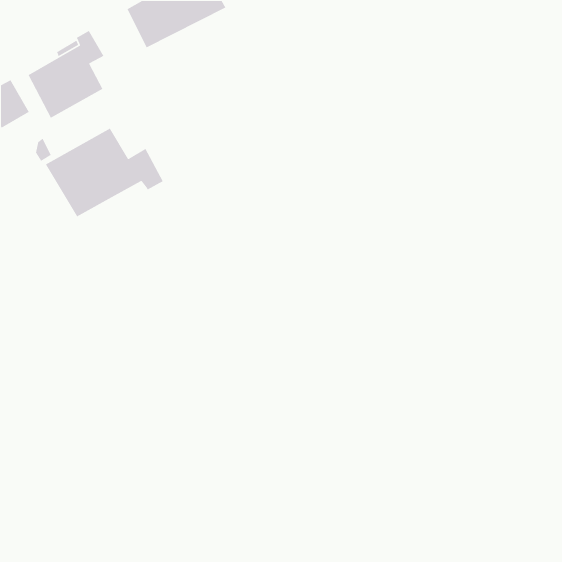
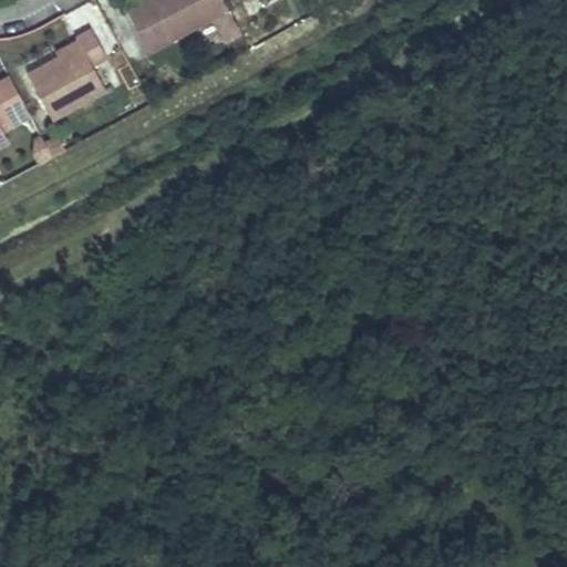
building: [45,128,164,217] -> none

